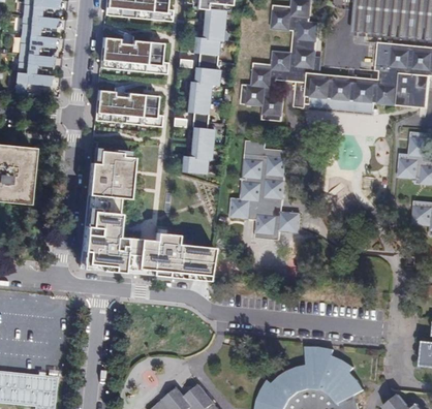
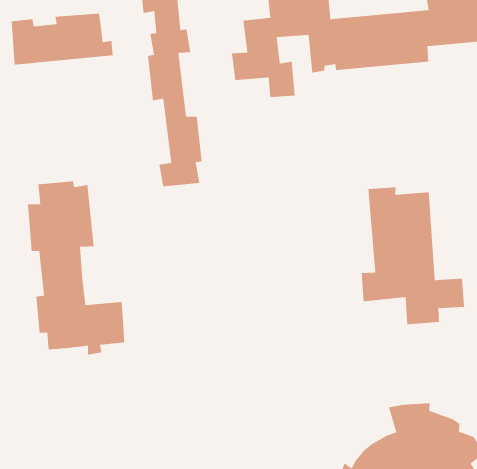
building: [92,92,161,126] -> none
building: [232,141,302,240] -> [361,187,465,325]
building: [151,226,213,271] -> none

